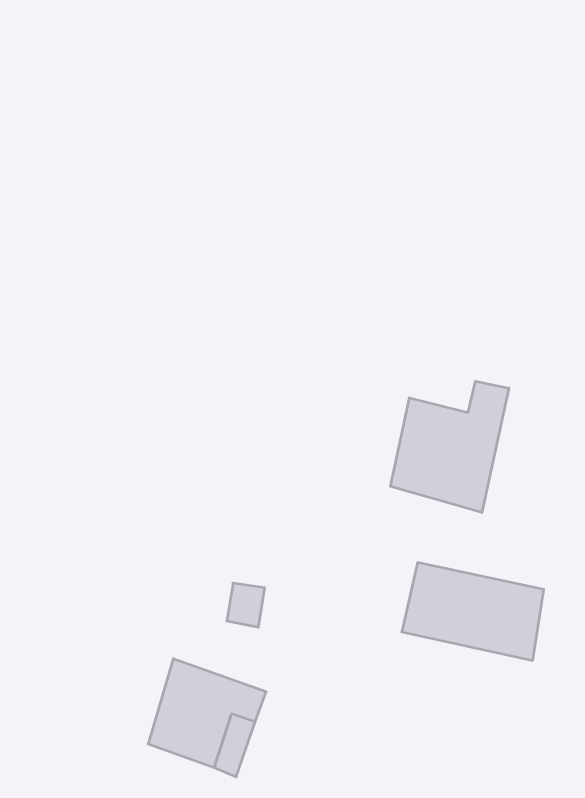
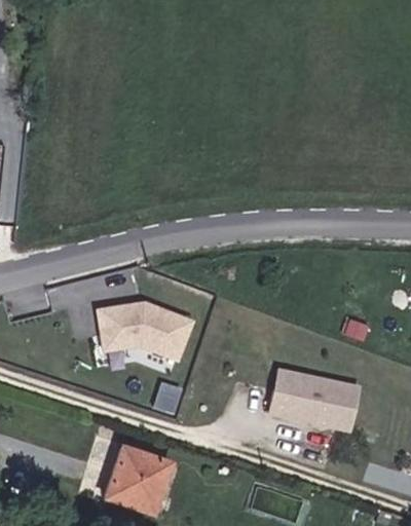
building: [390,381,509,513] -> none
building: none -> [96,301,196,363]

